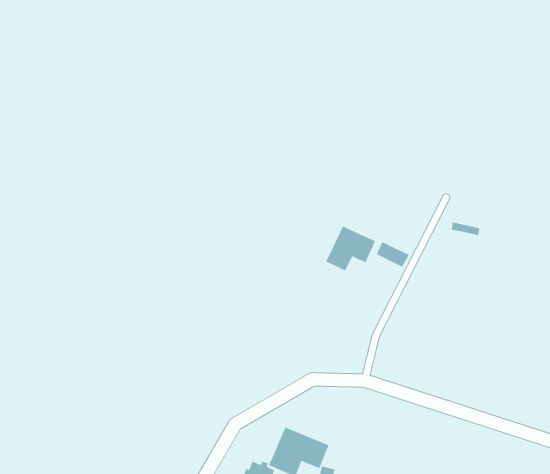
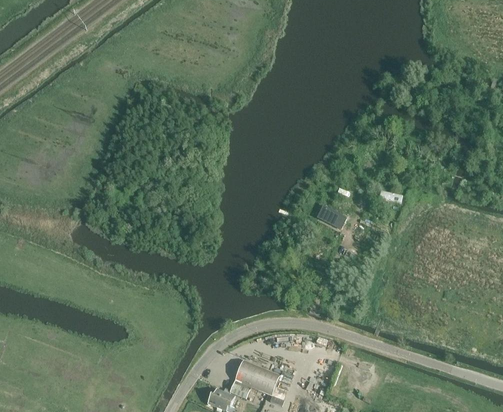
building: [325,226,376,272] -> none

